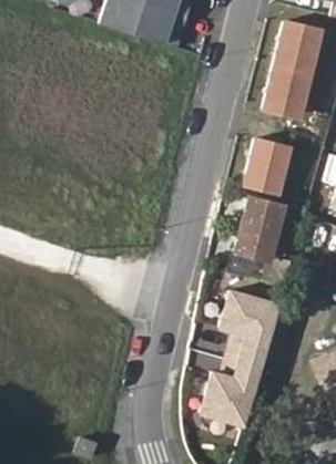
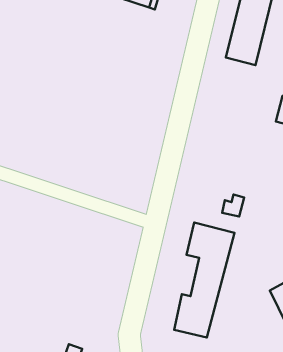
building: [246,137,289,190] -> none
building: [241,199,278,257] -> none

